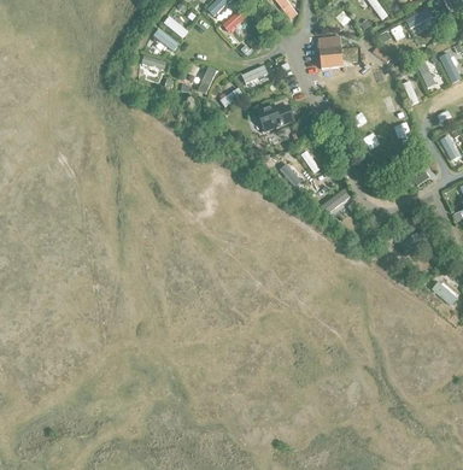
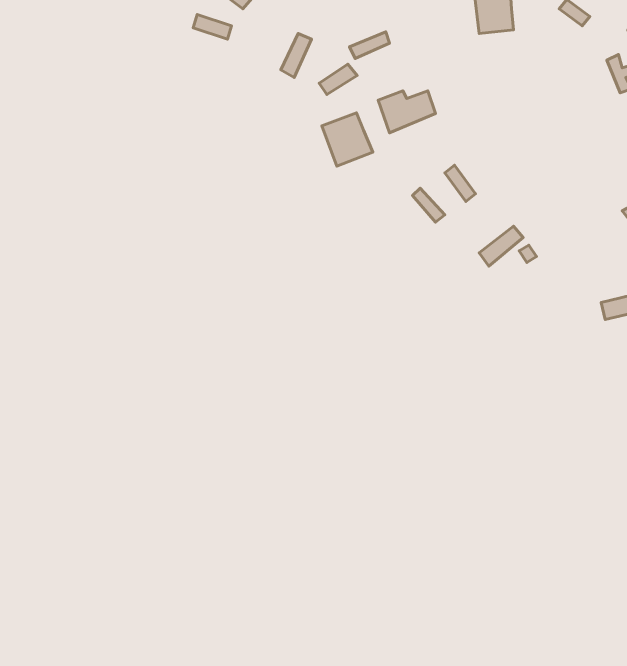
building: none -> [322,113,373,166]

